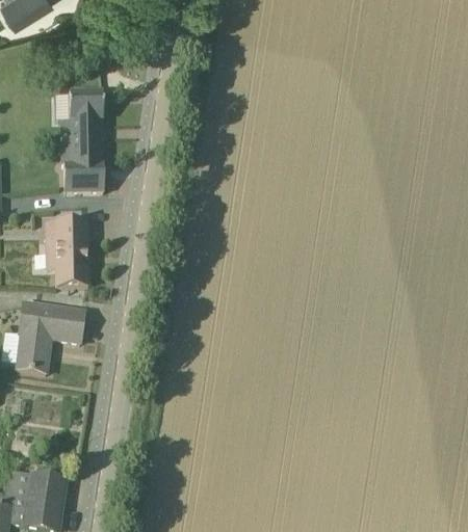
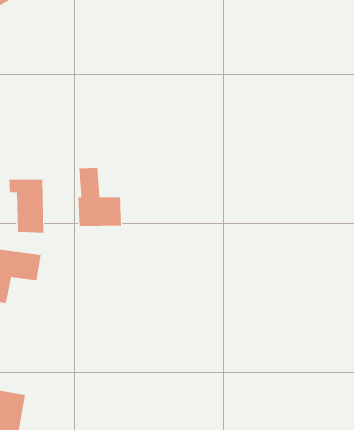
building: [60,89,103,190] -> none
building: none -> [78,167,122,227]

